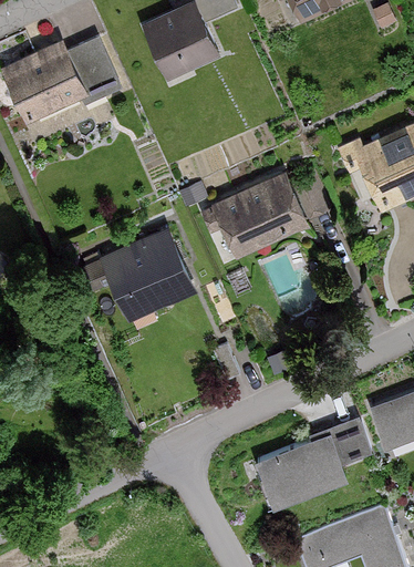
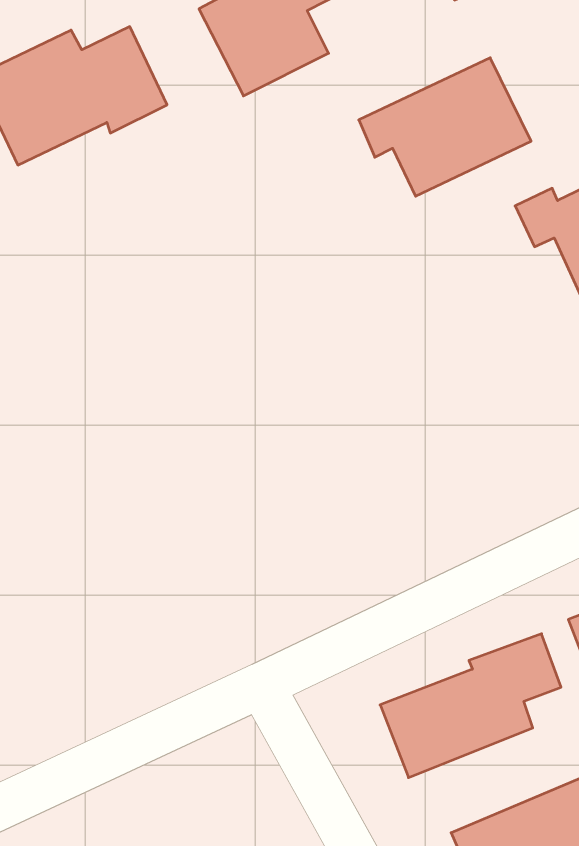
building: [200,173,308,259] -> [359,58,531,196]
building: [82,231,195,323] -> none

